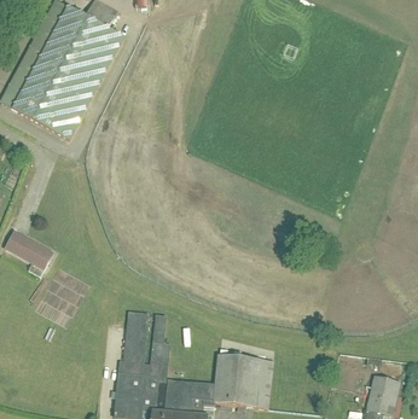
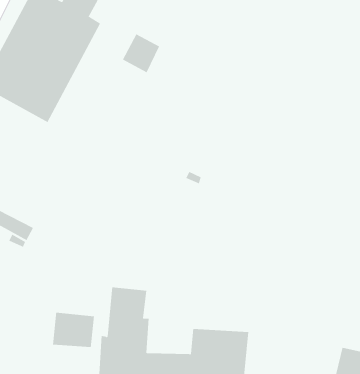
building: none -> [122,34,160,73]
building: none -> [52,312,94,348]

